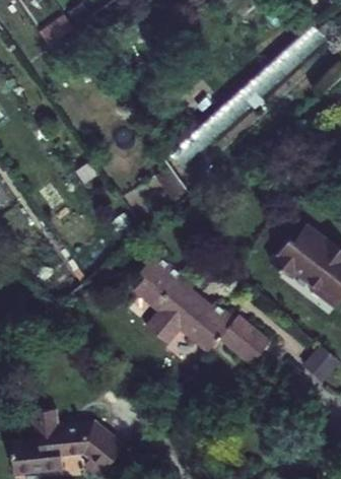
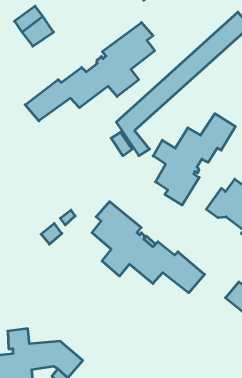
building: none -> [25,22,155,121]
building: none -> [153,114,235,205]

